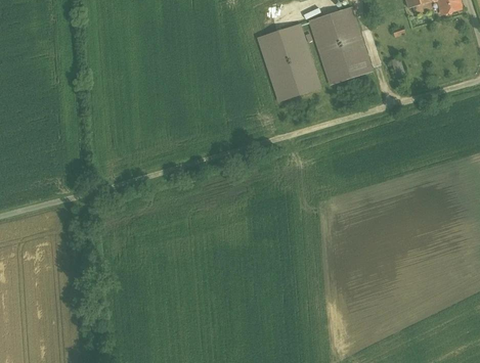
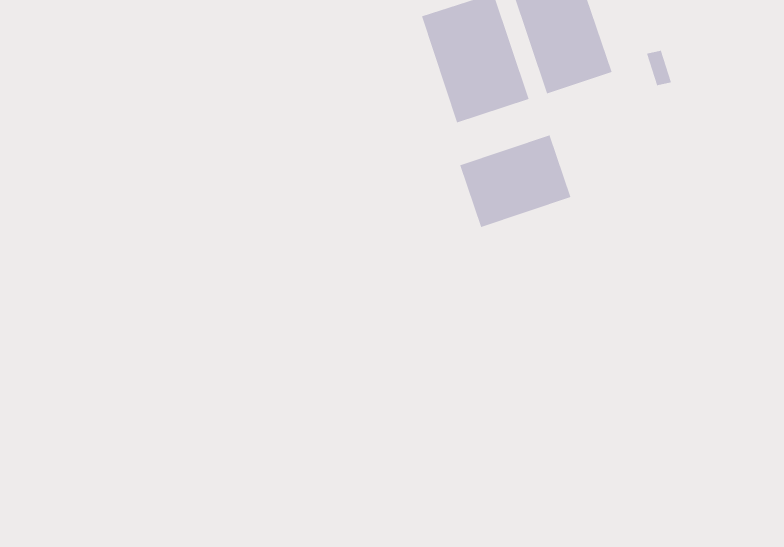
building: none -> [459,135,571,228]

